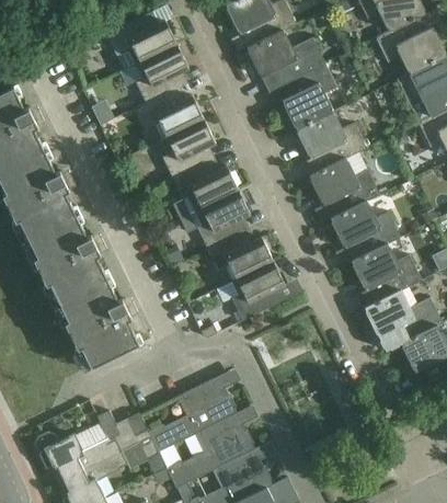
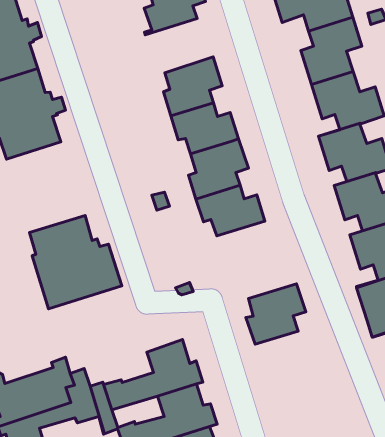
building: [139,85,204,139] -> none
building: [30,216,108,302] -> none
building: [231,261,285,321] -> [246,284,306,344]

